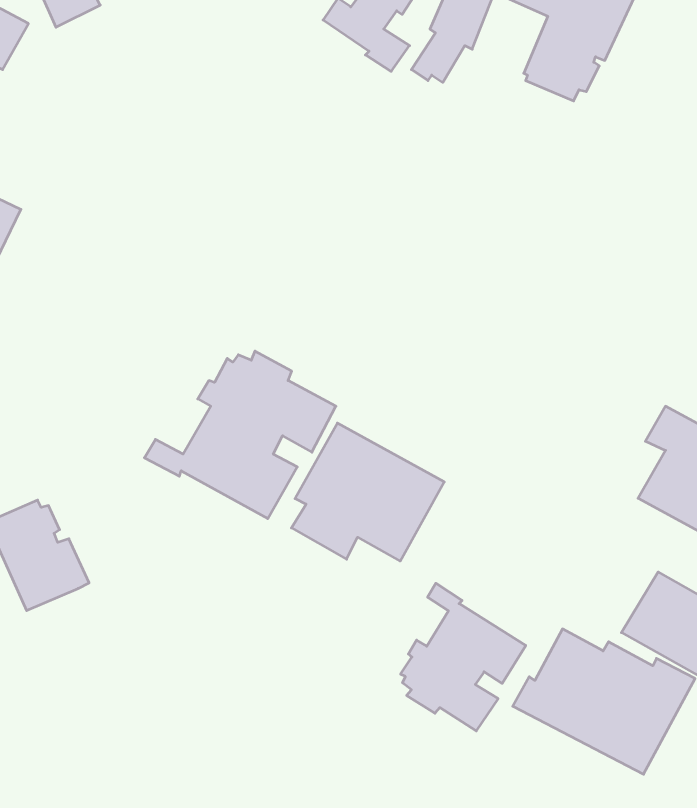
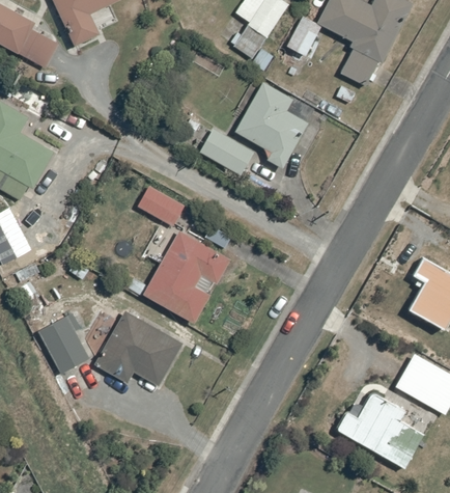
building: none -> [180,79,316,176]
building: none -> [138,185,186,226]
building: [291,423,444,561] -> [97,310,184,388]
building: [401,583,526,731] -> none

